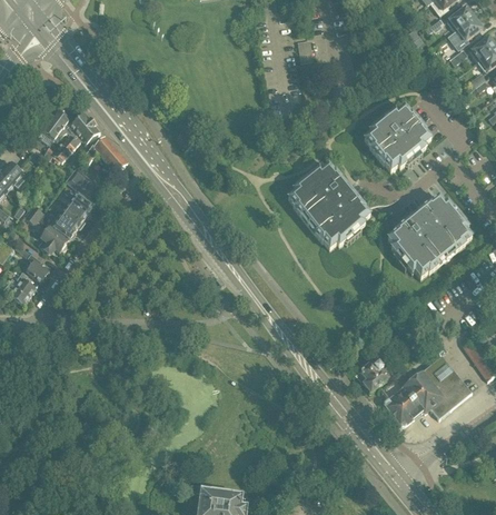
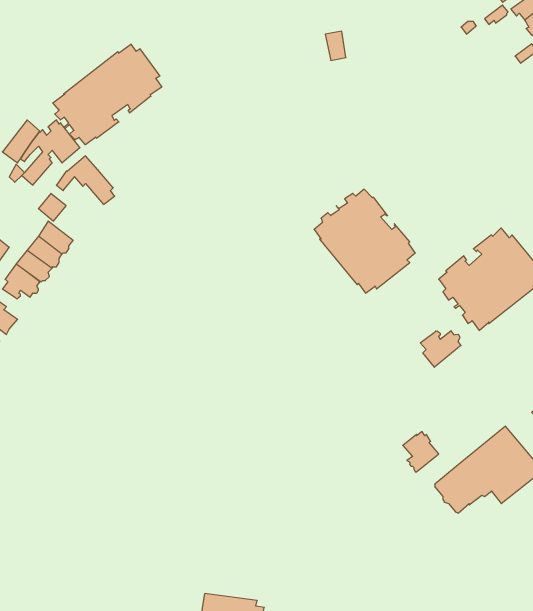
building: none -> [53,44,162,145]
building: [363,106,429,170] -> none
building: none -> [420,331,461,367]

